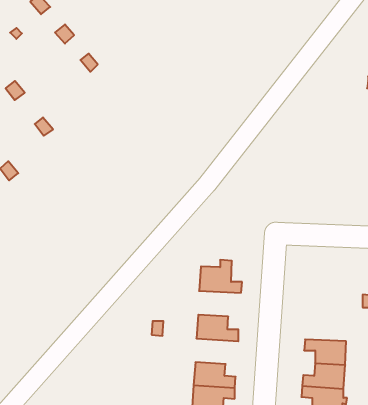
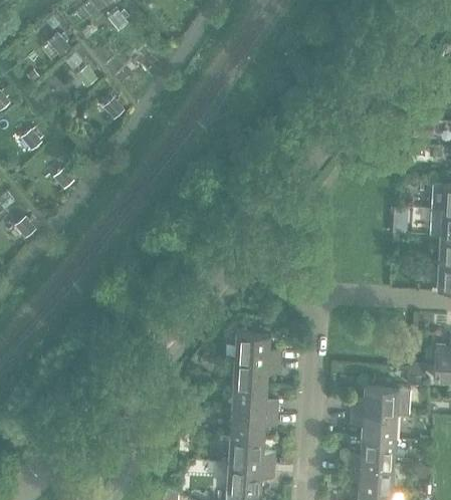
building: none -> [233,359,280,388]
building: none -> [351,386,398,415]
building: none -> [230,412,277,440]

